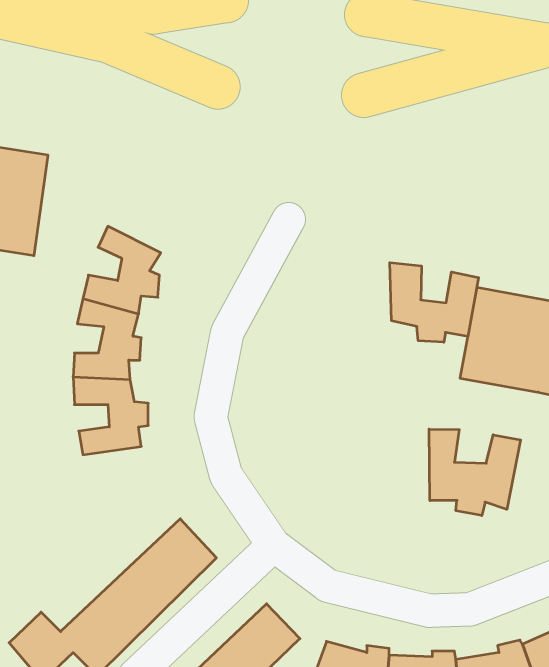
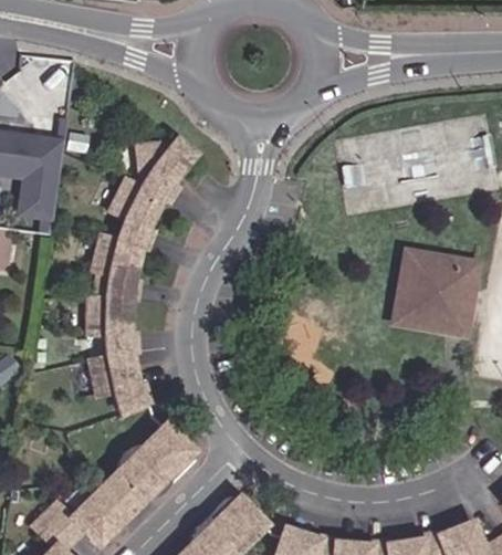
building: none -> [111,143,192,219]
building: [390,263,479,342] -> none
building: [429,429,521,516] -> none
building: none -> [91,373,154,417]

